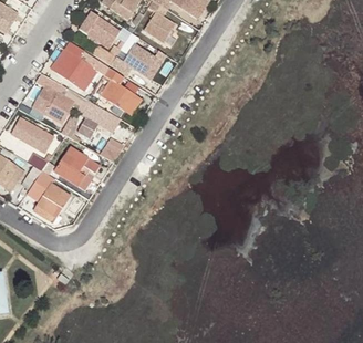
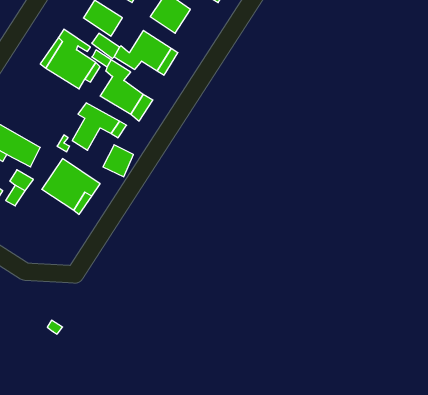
building: [33,72,90,123] -> none
building: [31,177,70,221] -> none

